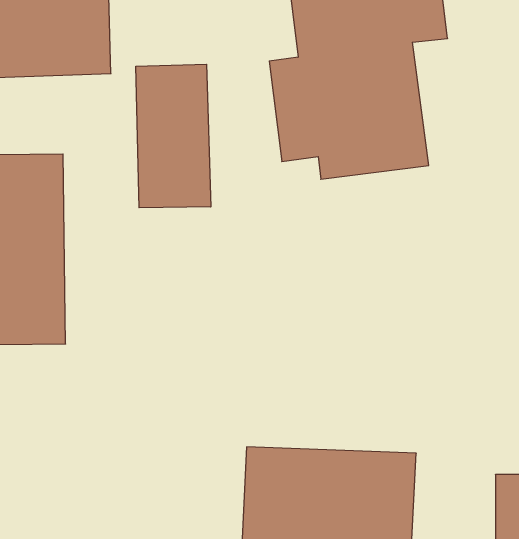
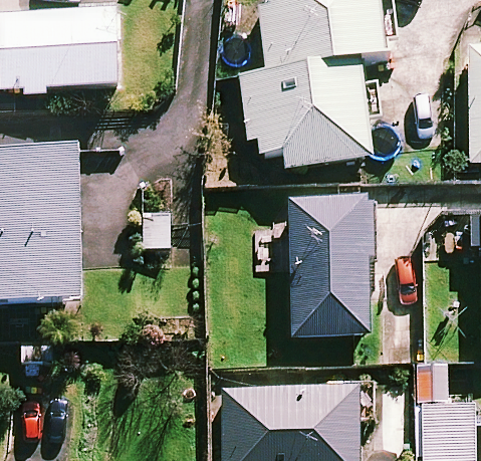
building: [136,64,211,208] -> none
building: none -> [253,199,370,335]

